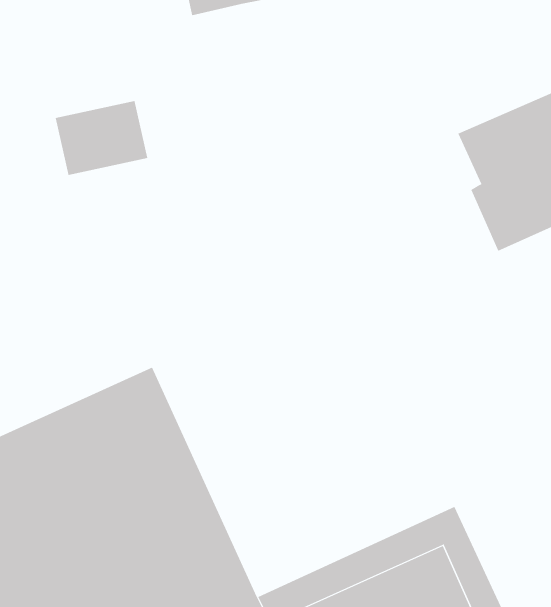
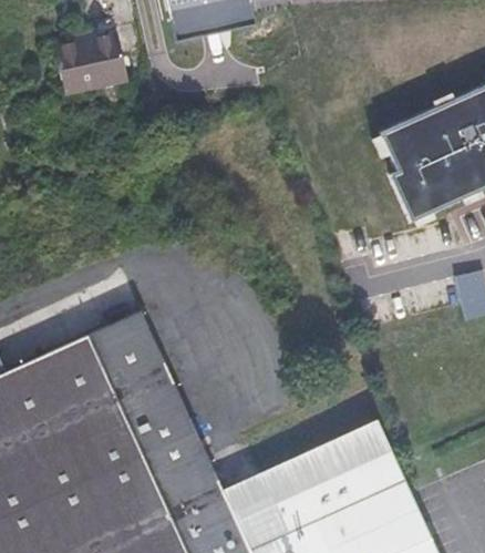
building: [55,101,148,175] -> [55,34,127,92]

